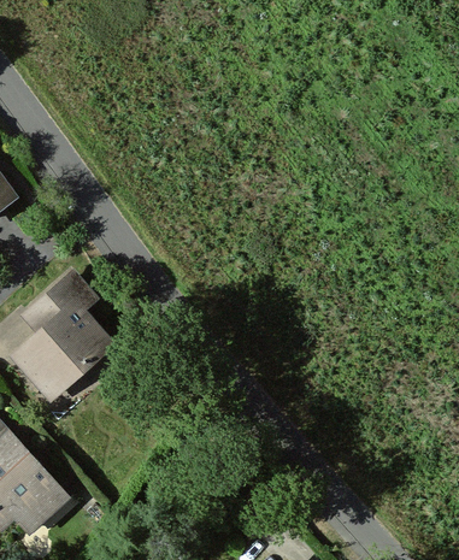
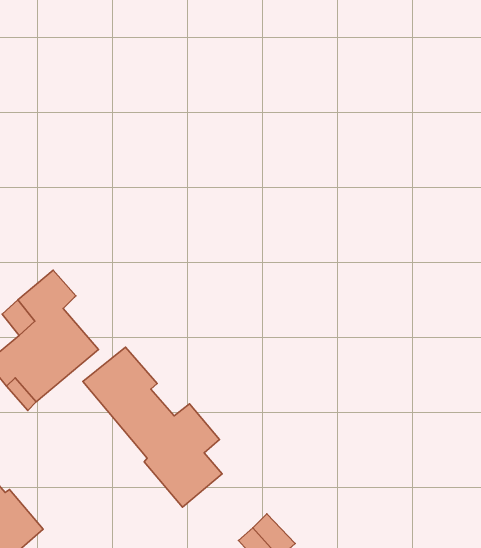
building: none -> [83,347,222,507]

